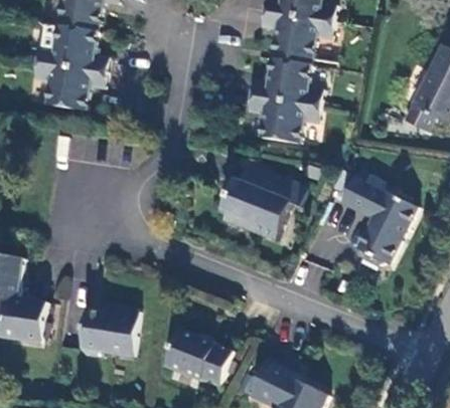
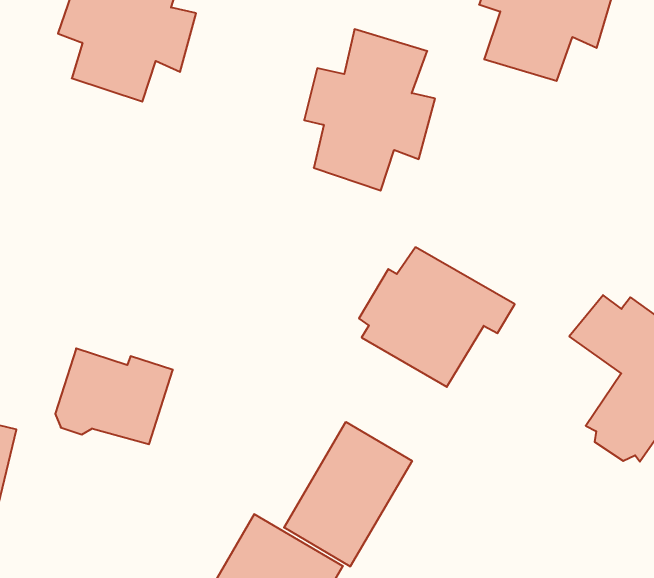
building: [250,58,319,144] -> [304,29,435,191]
building: none -> [284,422,412,567]
building: [79,305,139,352] -> [55,348,173,444]

